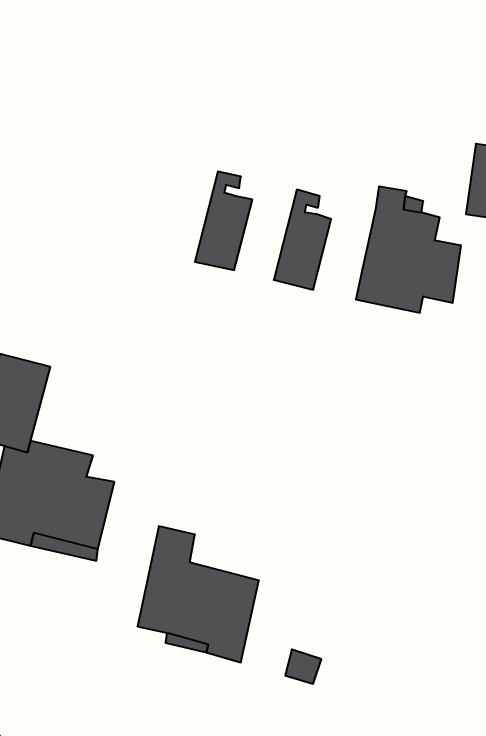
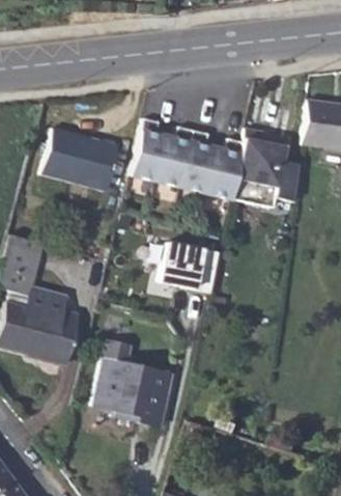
building: none -> [157,127,196,187]
building: none -> [42,129,120,190]
building: none -> [206,138,246,199]
building: none -> [163,241,222,290]

